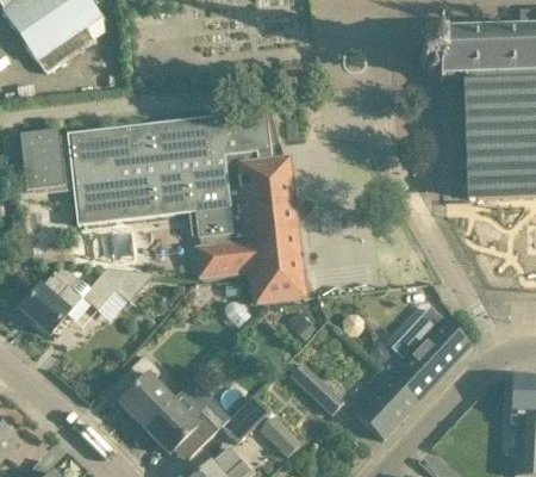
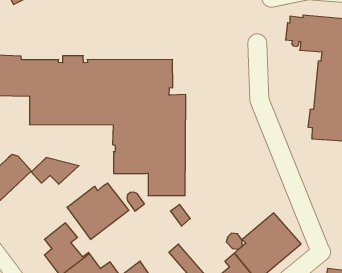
building: none -> [67,183,129,240]

